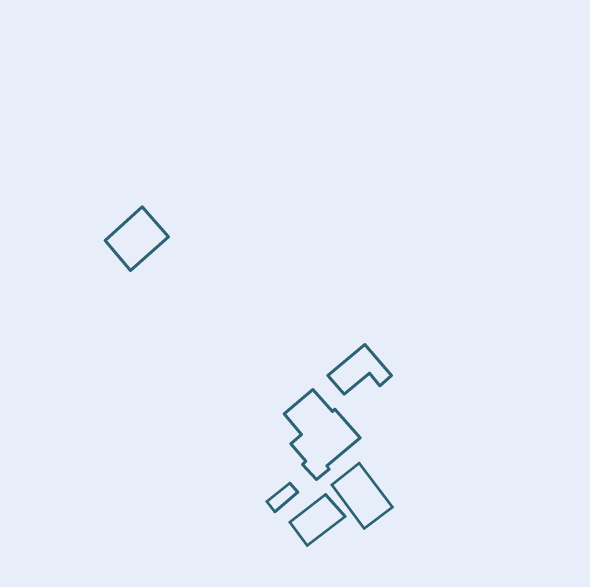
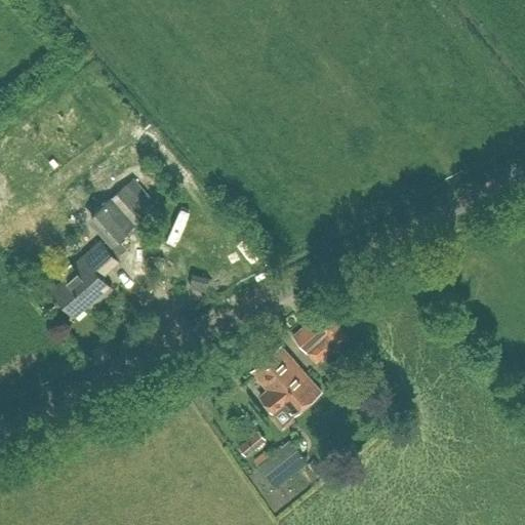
building: none -> [51,243,117,317]
building: [332,463,393,529] -> none

